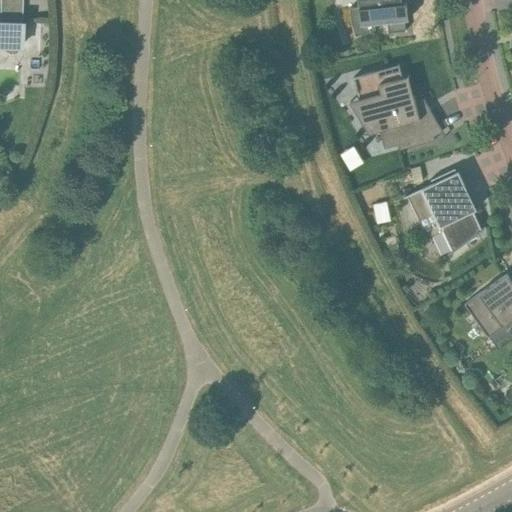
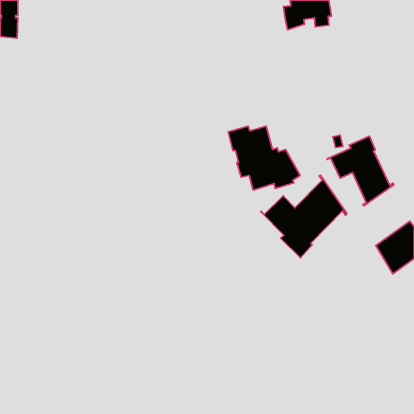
building: [354,70,443,149] -> [228,126,300,190]
building: none -> [261,175,347,258]

